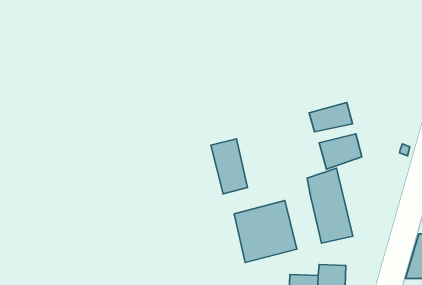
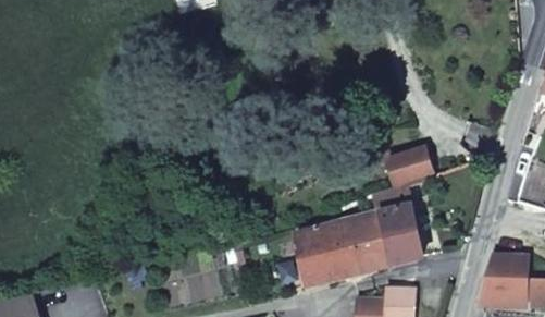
building: [309,102,353,132] -> none
building: [211,139,248,194] -> [350,214,389,272]

